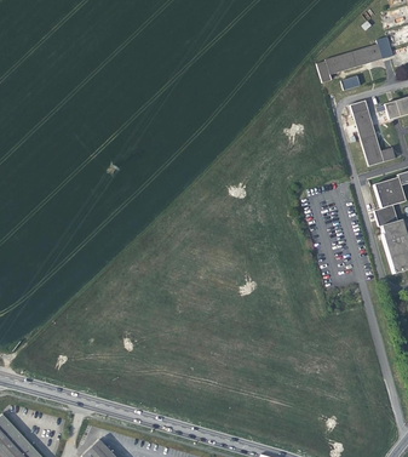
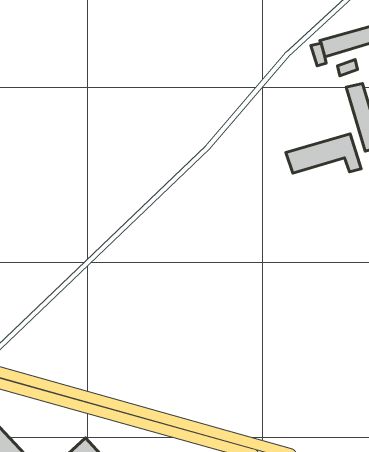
building: none -> [286,134,361,173]

